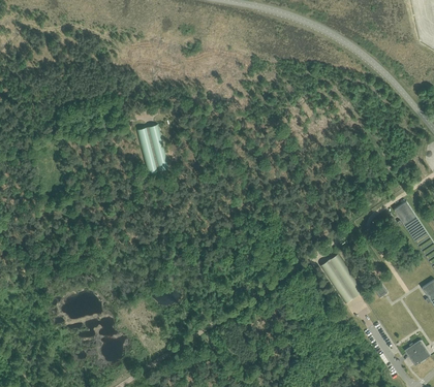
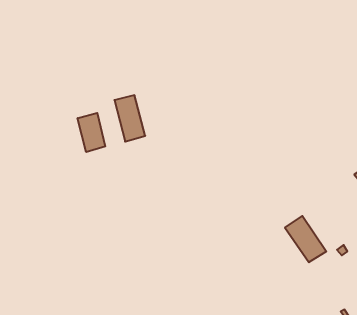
building: none -> [78,113,105,152]

